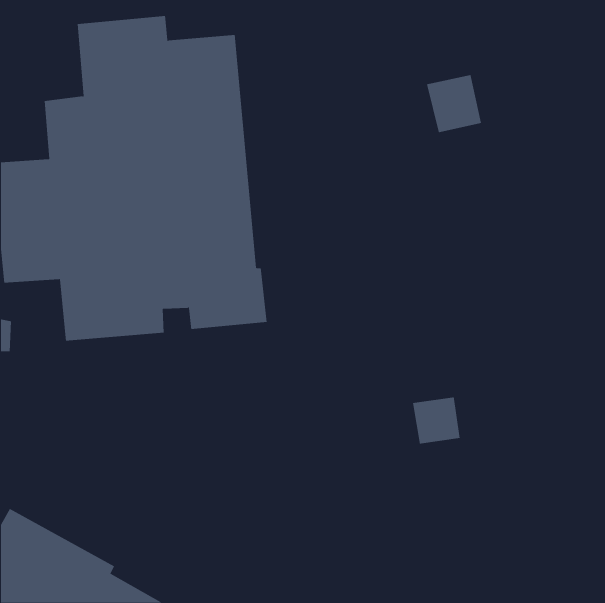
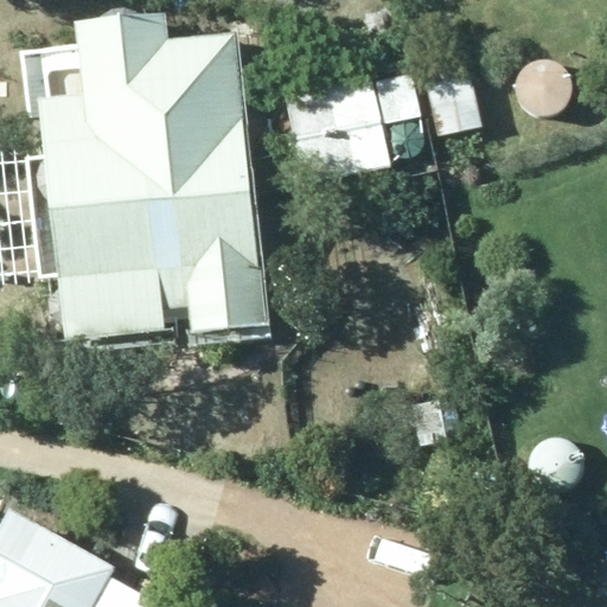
building: none -> [266,79,391,186]

